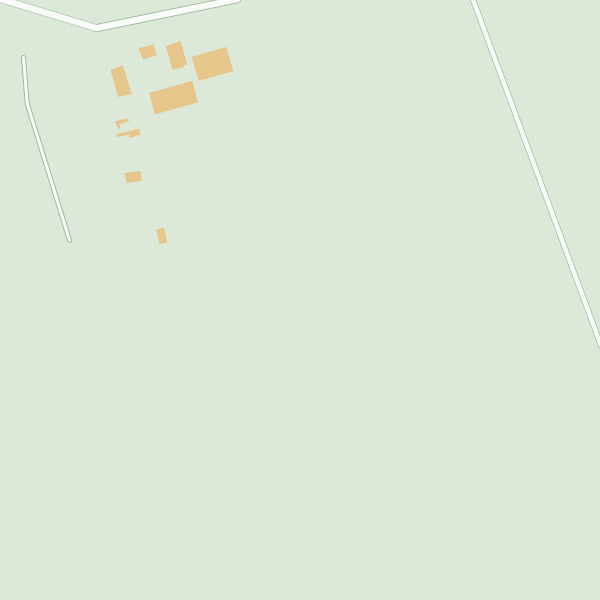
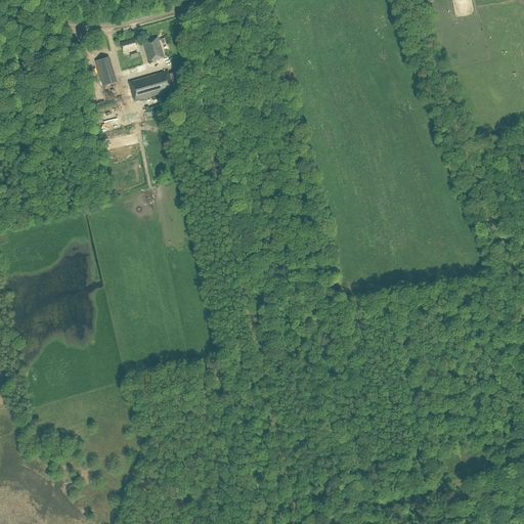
building: [191,46,234,82] -> none

